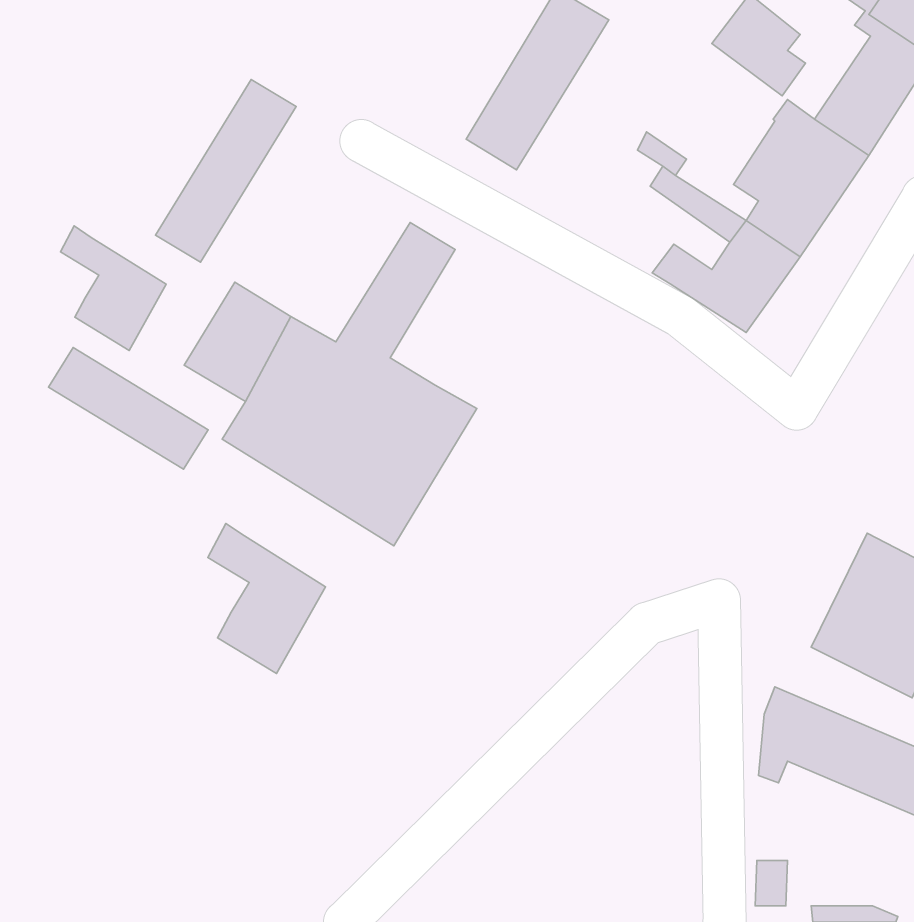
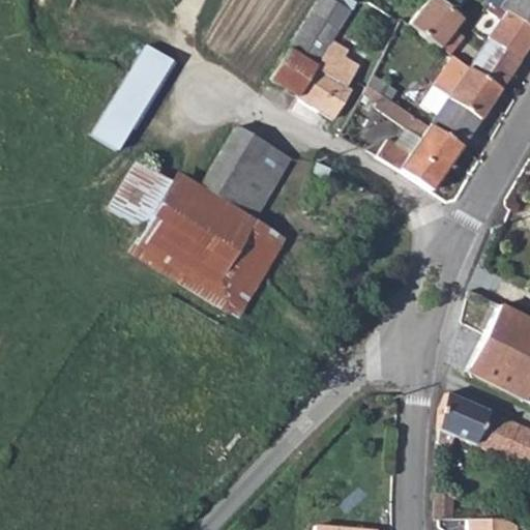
building: none -> [301,30,361,118]
building: [61,226,166,350] -> none
building: none -> [229,143,292,220]
building: [49,348,208,469] -> none
building: [208,523,325,674] -> none

